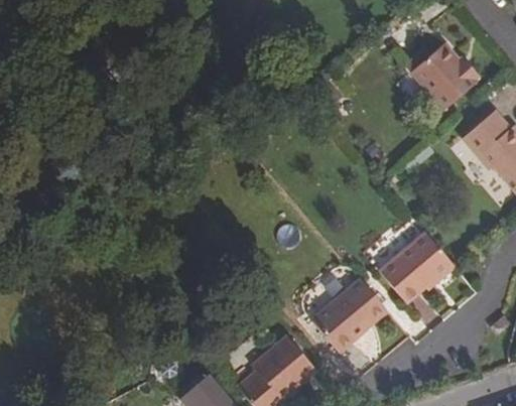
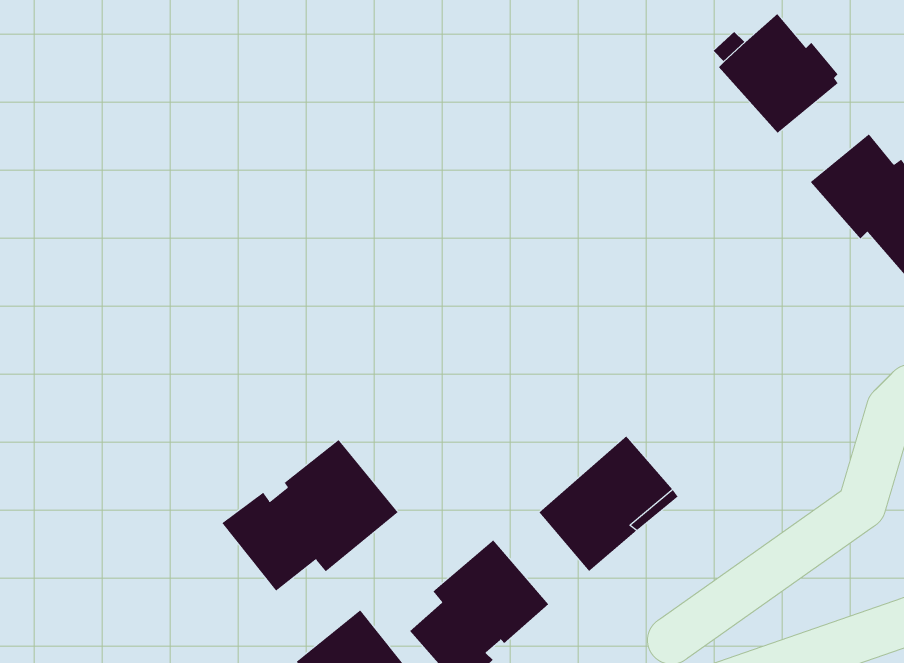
building: [379,234,454,301] -> none
building: none -> [222,439,398,591]

